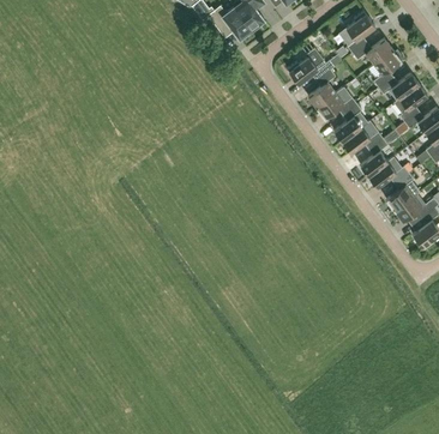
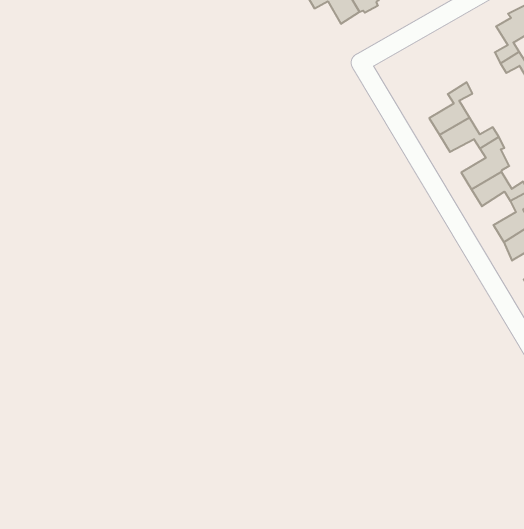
building: [287,58,333,85] -> none

